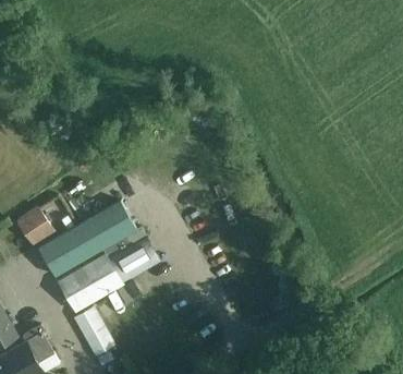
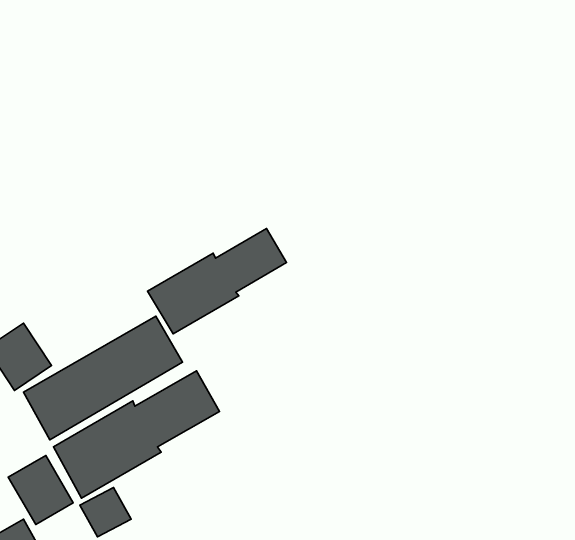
building: none -> [147,228,287,334]
building: none -> [8,455,73,525]

